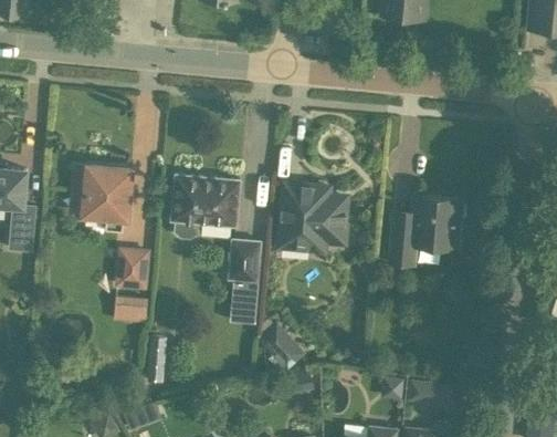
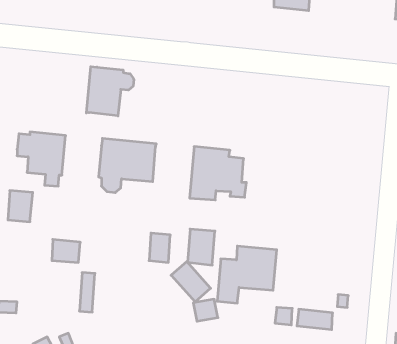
building: none -> [86,67,134,116]
building: [390,197,462,266] -> [217,246,277,303]
building: [229,240,262,283] -> [187,229,215,265]
building: [118,251,148,289] -> [8,191,33,222]

